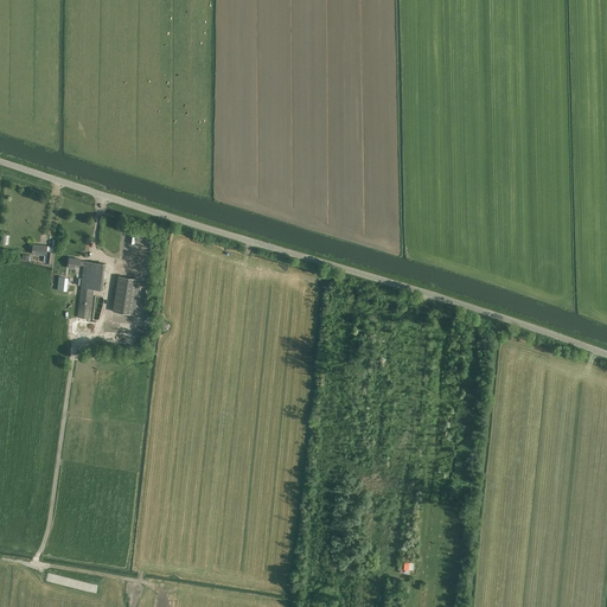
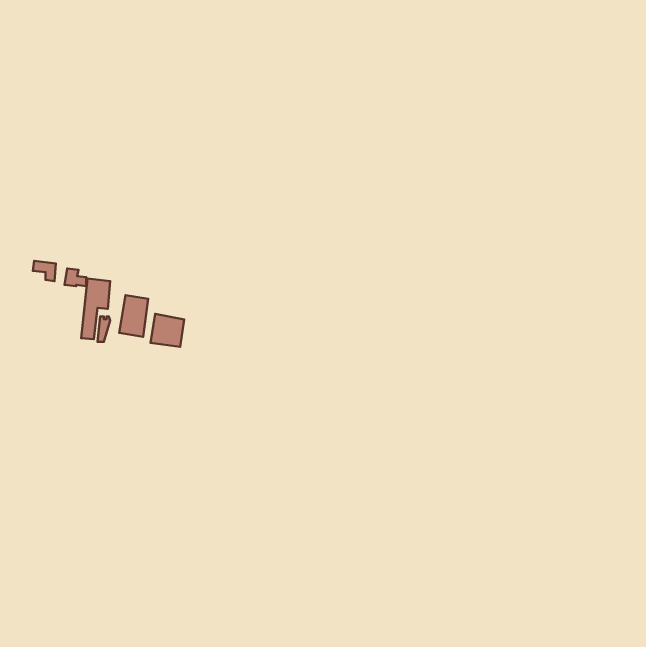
building: none -> [151,314,184,347]

